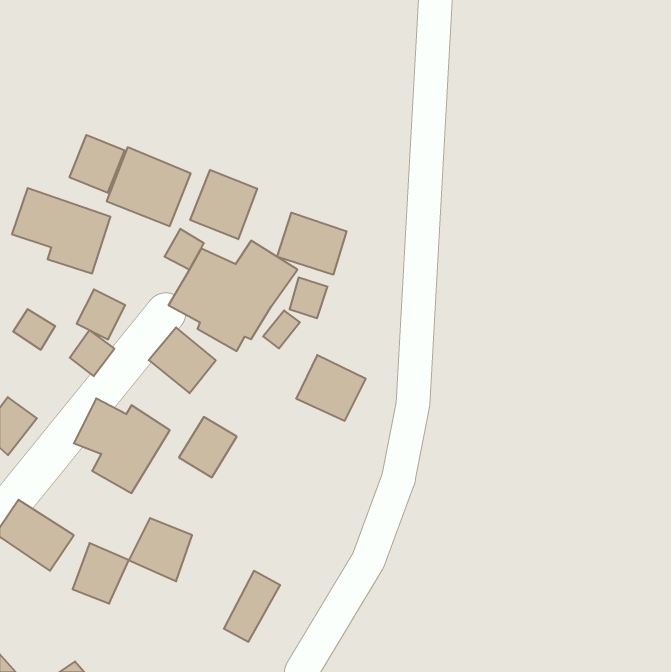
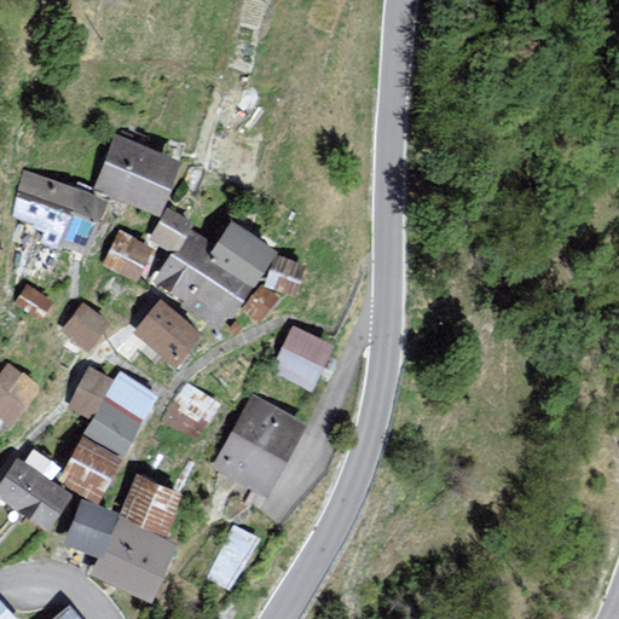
building: [70,135,125,193] -> none
building: [190,170,257,239] -> none
building: [277,213,346,275] -> none
building: [77,289,125,339] -> [104,231,149,277]
building: none -> [216,397,301,491]
building: none -> [58,433,121,499]
building: none -> [94,515,170,595]

